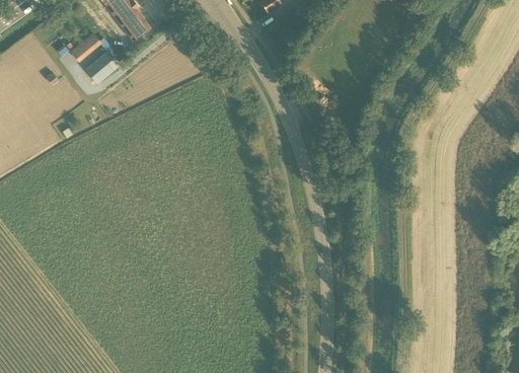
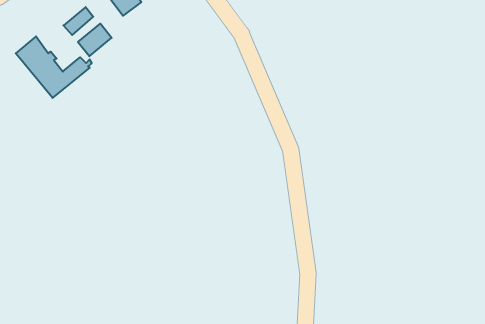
building: none -> [16,36,92,98]

